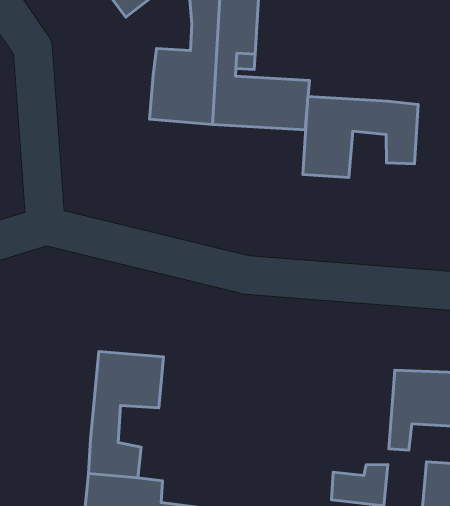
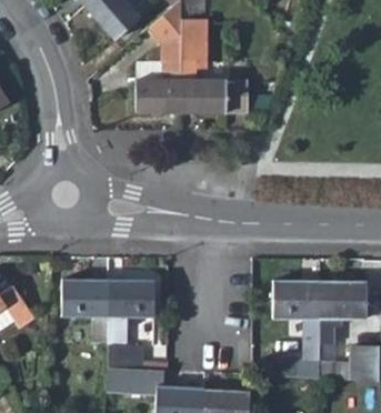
building: [303,97,418,177] -> none
building: none -> [62,278,108,343]
building: none -> [272,281,321,341]

